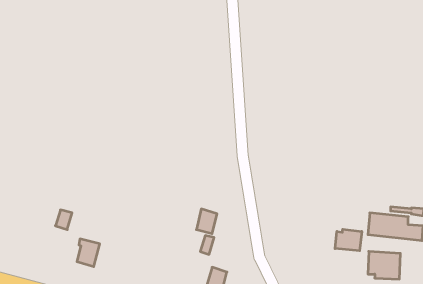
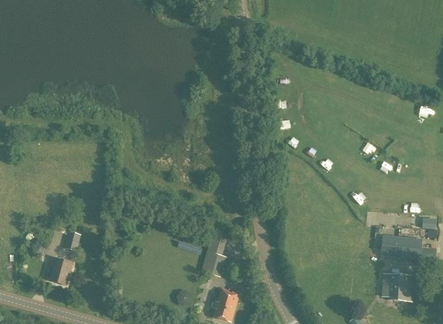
building: [335,229,362,251] -> none
building: [77,239,100,267] -> [50,257,73,285]

